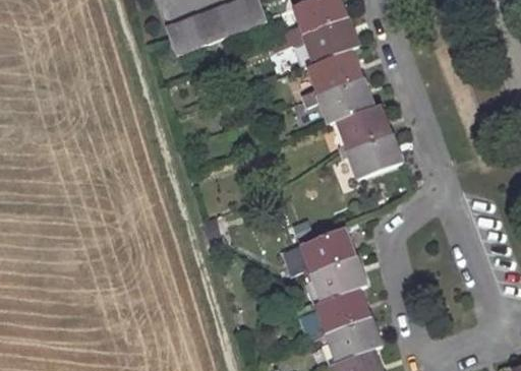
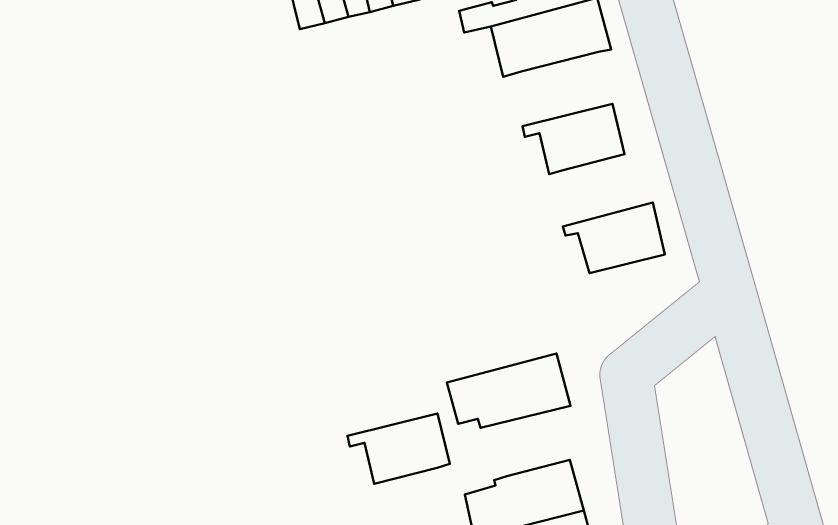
building: [307,50,362,98] -> none
building: [337,105,392,153] -> none
building: [305,257,366,302] -> [348,414,450,484]

